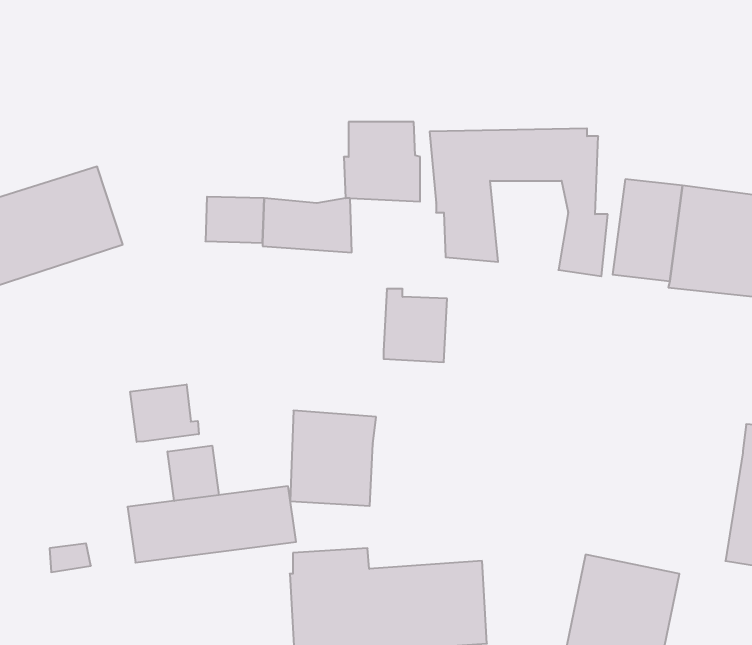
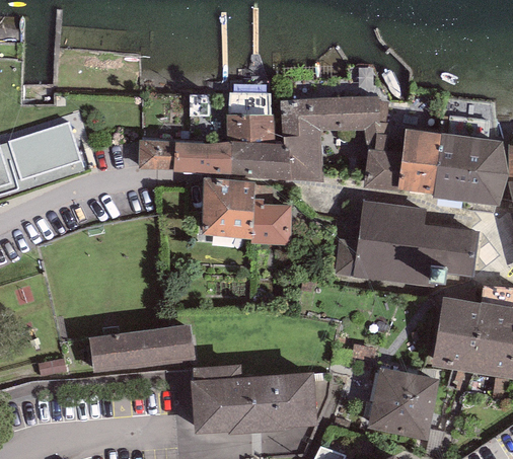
building: none -> [230,141,291,178]
building: none -> [336,200,480,287]
building: [130,384,199,442] -> none
building: [290,411,376,506] -> [201,177,255,238]
building: none -> [432,296,481,372]
building: [168,446,219,501] -> none

